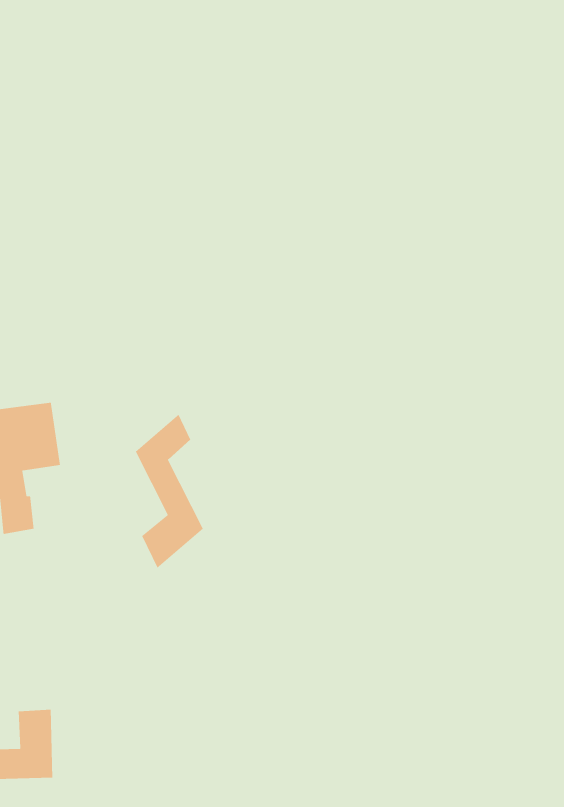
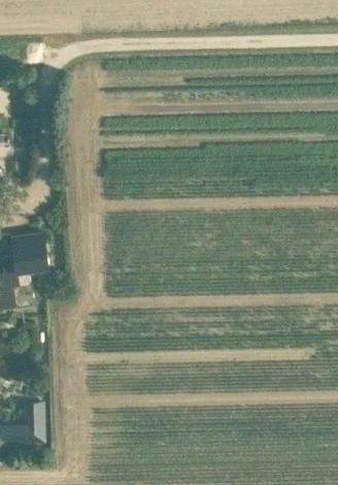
building: [135,413,204,569] -> none

